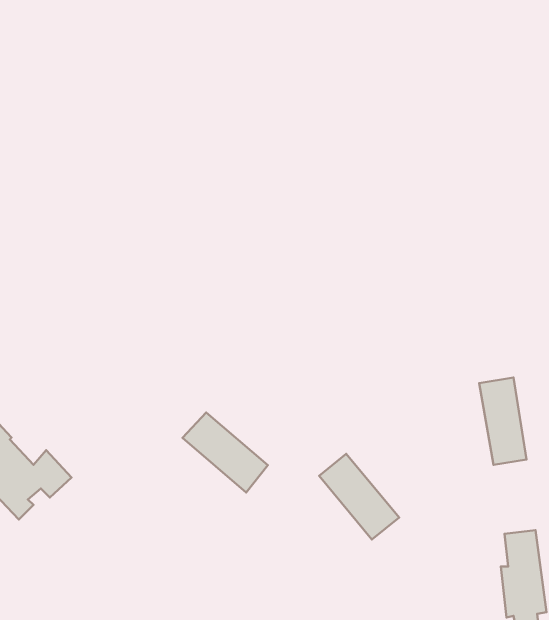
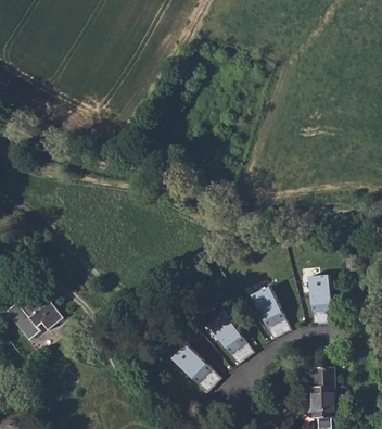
building: none -> [246,281,289,333]
building: [182,413,268,493] -> [170,343,221,391]

